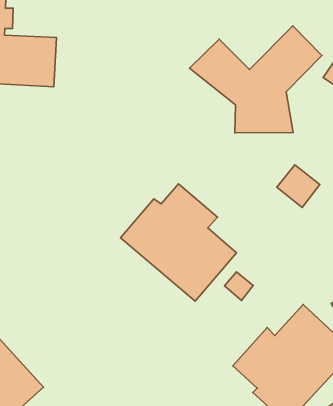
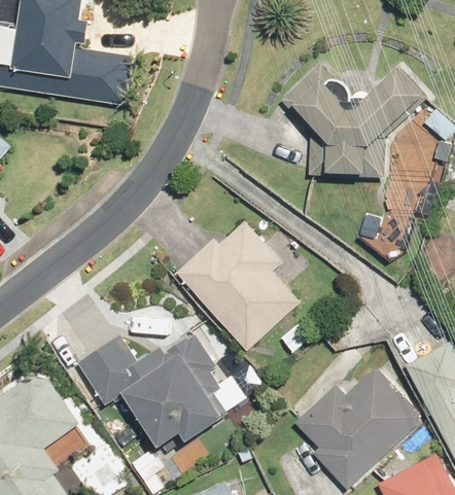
building: none -> [80,334,259,449]

